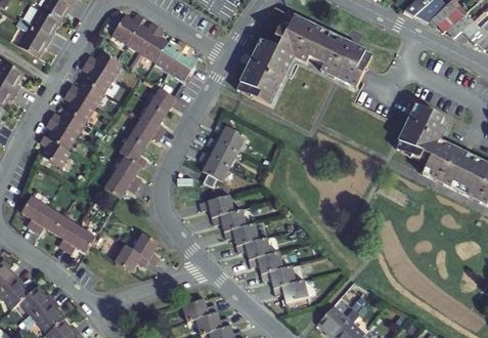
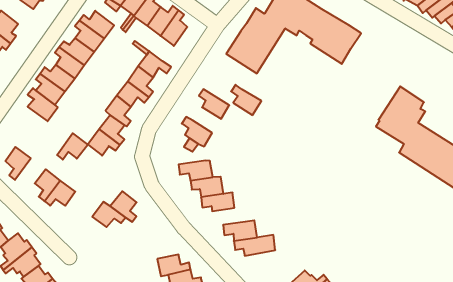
building: [206,137,237,167] -> [231,85,261,115]
building: [32,207,62,235] -> [57,133,88,160]
building: [235,240,270,260] -> none
building: [272,282,307,304] -> none

